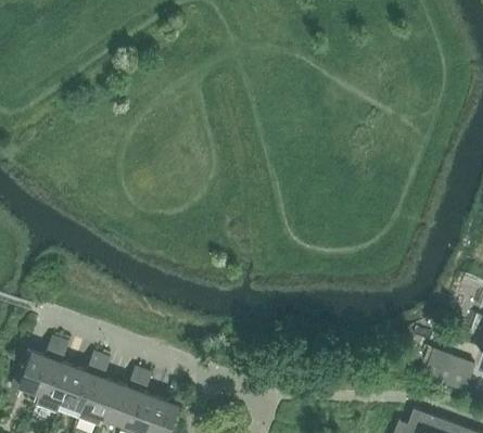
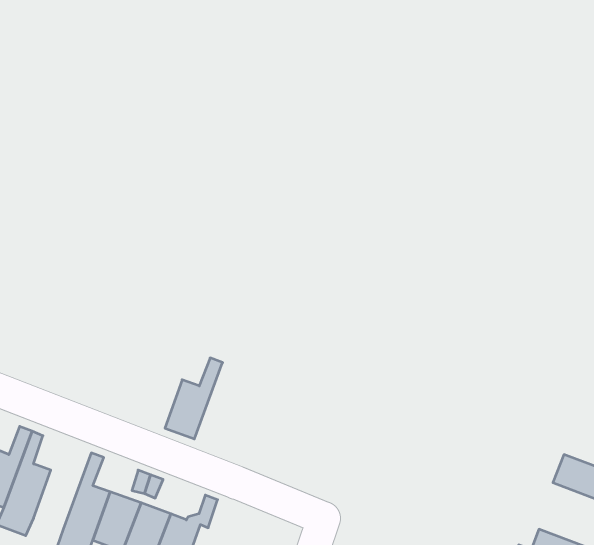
building: [62,354,102,410] -> [165,358,223,439]

